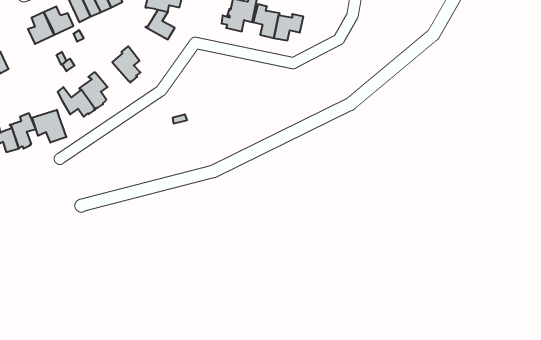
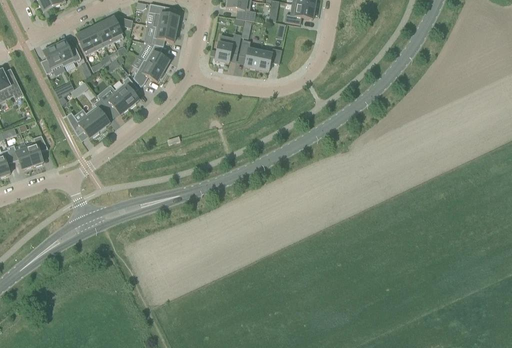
building: none -> [133,58,164,86]
building: none -> [97,84,129,114]
building: [32,110,66,143] -> none

